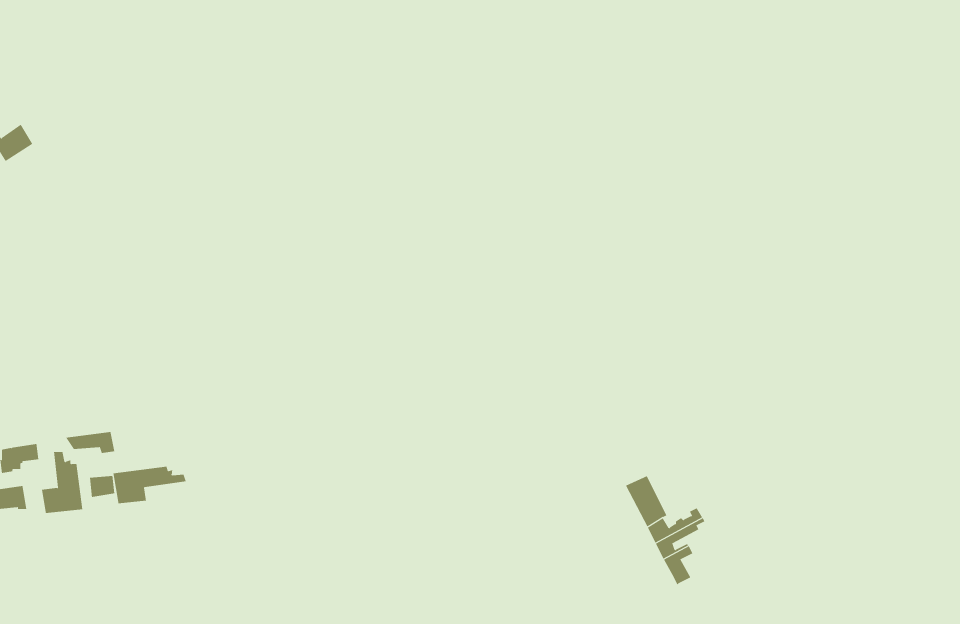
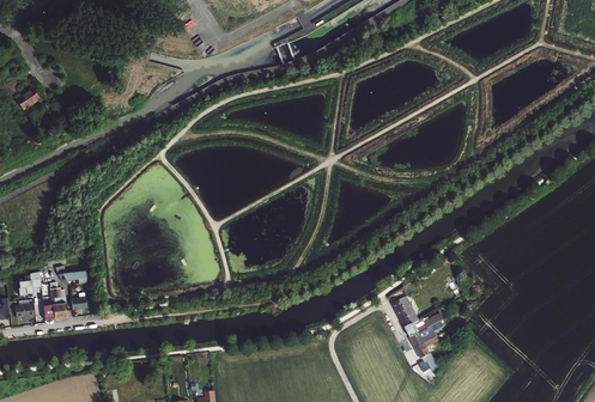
building: [113,466,187,504] -> none

